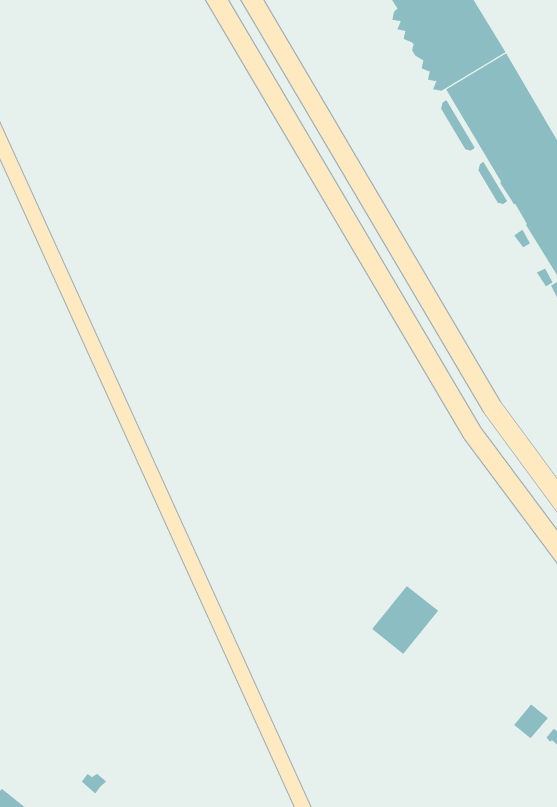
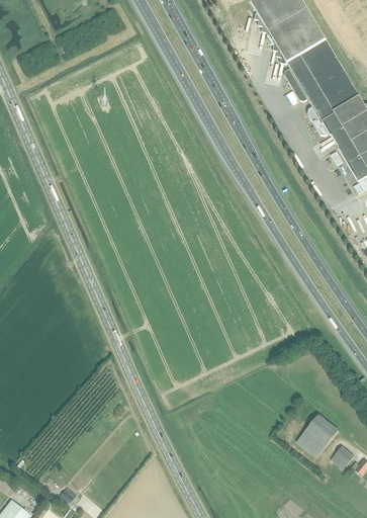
building: [371,585,439,655] -> [296,414,339,457]

